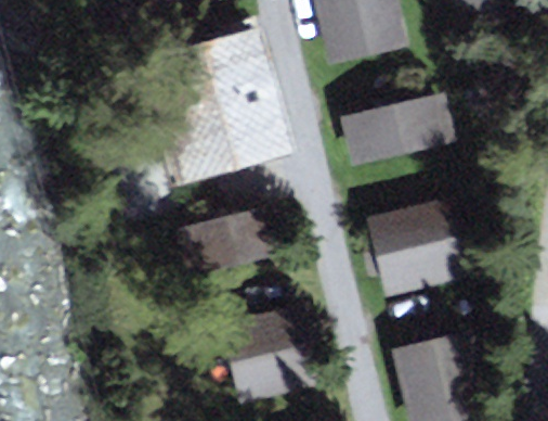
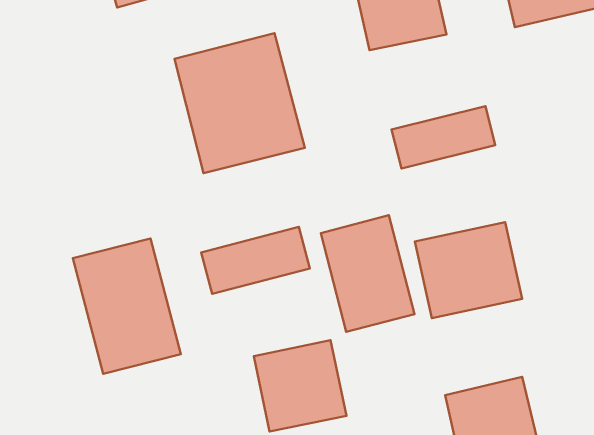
building: none -> [321,215,415,332]
building: none -> [73,238,181,374]

